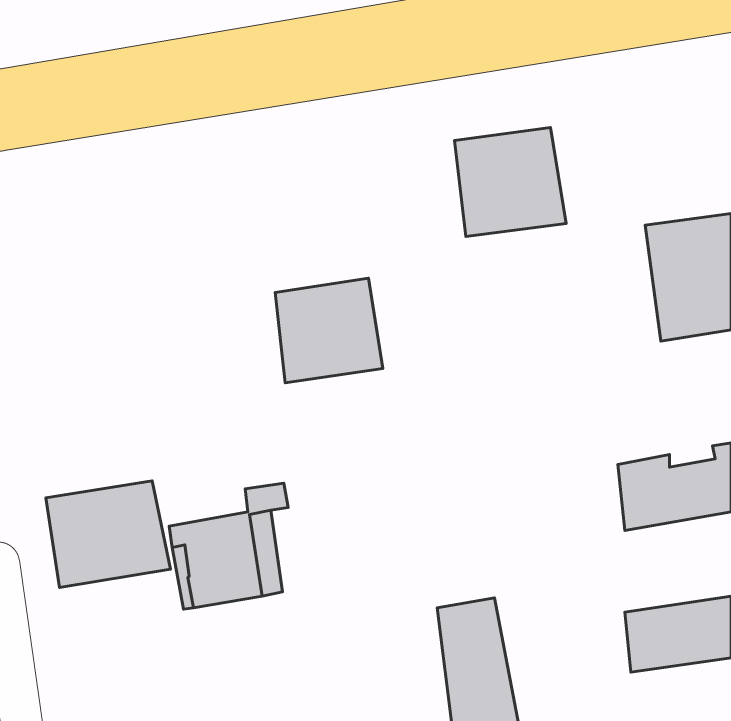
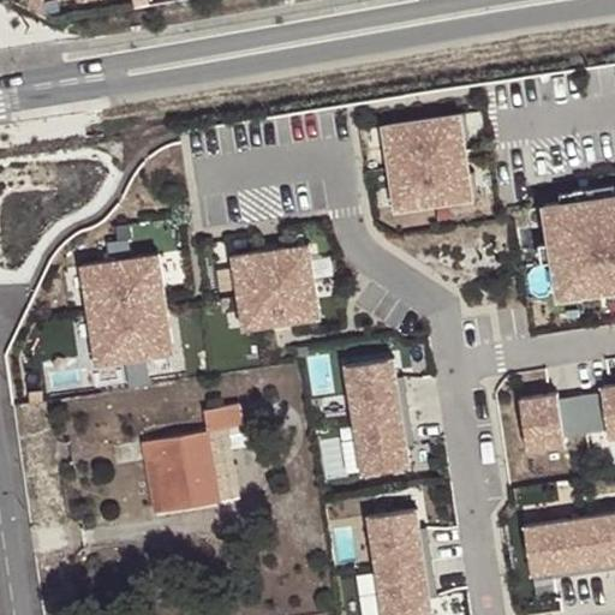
building: none -> [80,253,173,369]
building: none -> [342,356,411,480]
building: [46,481,171,588] -> none

